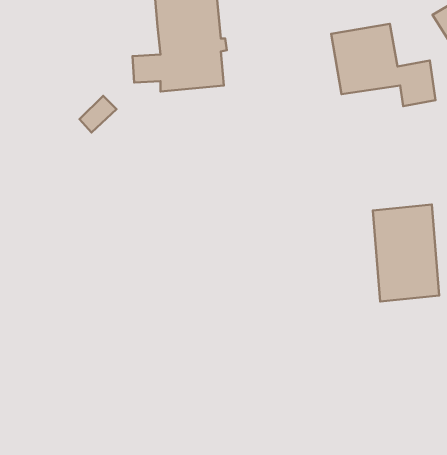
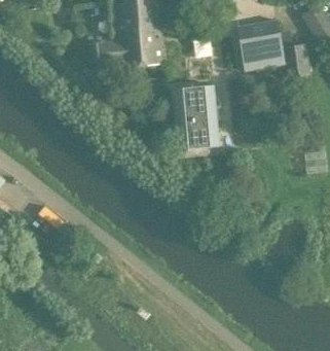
building: [373,204,439,302] -> [173,83,219,151]

